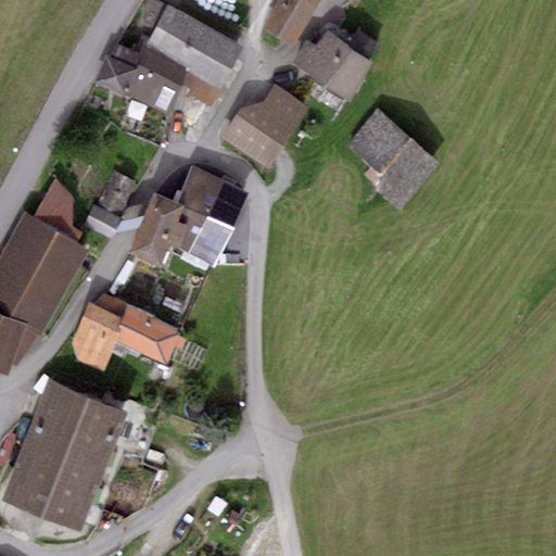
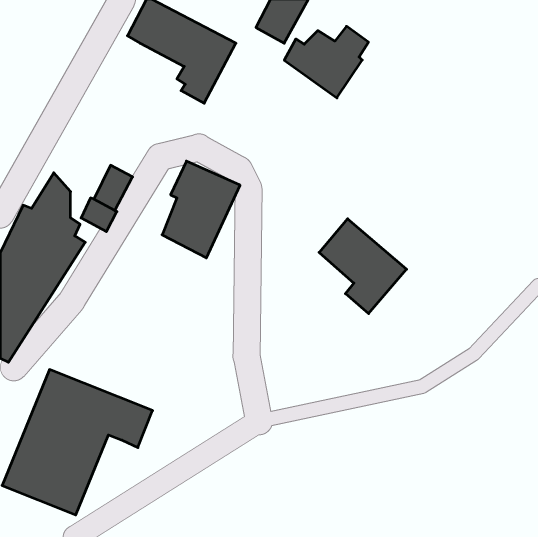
building: [93,42,190,115] -> none
building: [224,84,307,167] -> none
building: [348,111,438,208] -> [319,219,407,314]
building: [130,191,182,265] -> none
building: [71,301,180,370] -> none

